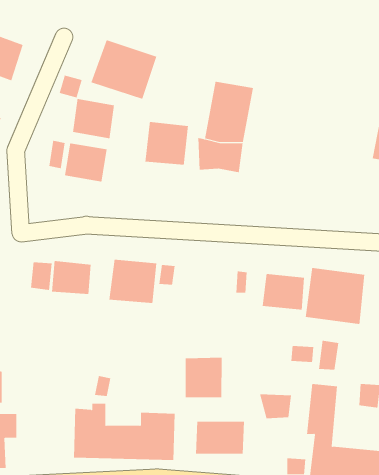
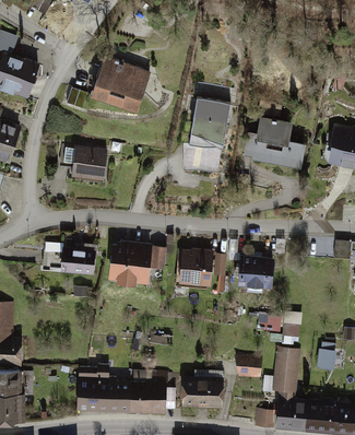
building: [72,98,115,139] -> none
building: none -> [252,116,301,166]
building: [145,121,189,165] -> none
building: none -> [178,249,212,284]
building: [305,267,365,325] -> none
building: [185,357,222,398] -> none

